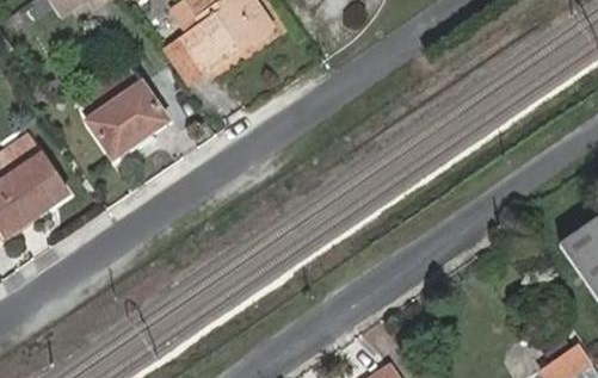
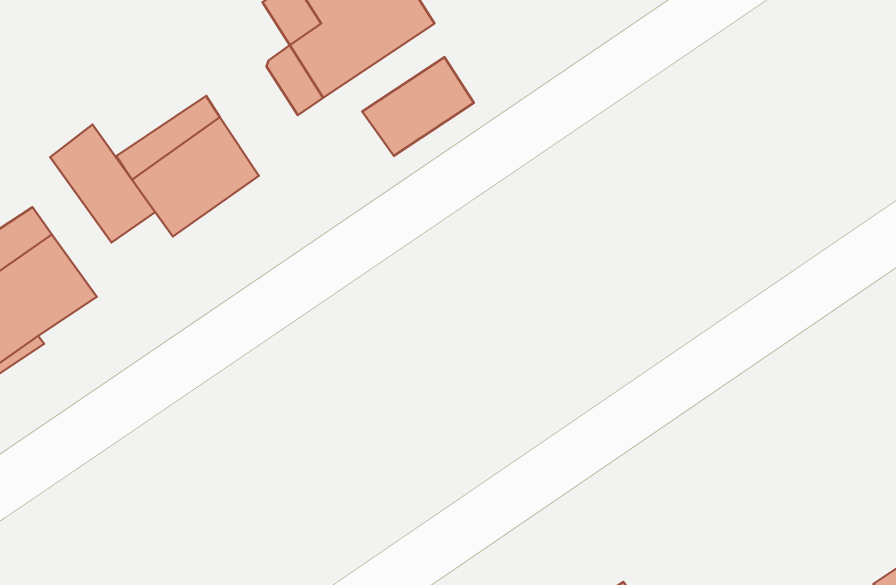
building: none -> [362,57,474,156]
building: none -> [50,124,155,243]

